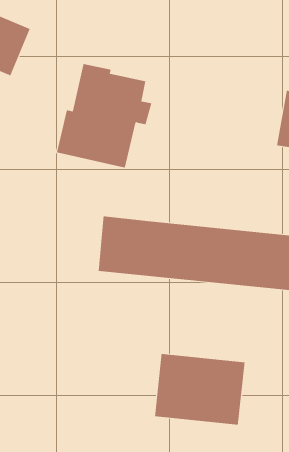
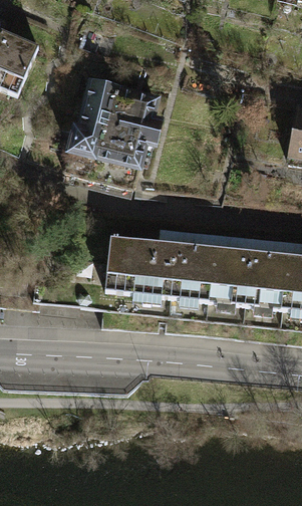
building: [154,353,245,425] -> none

